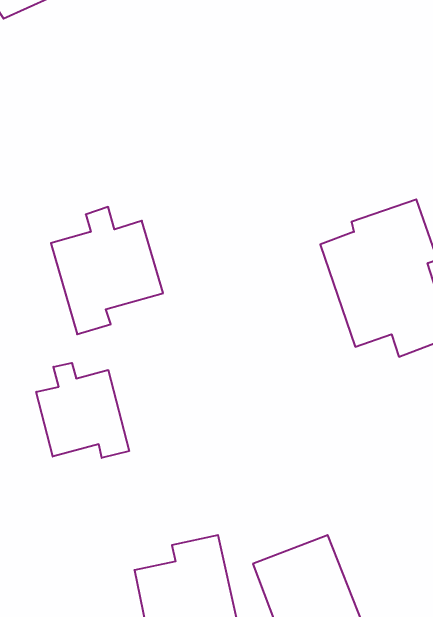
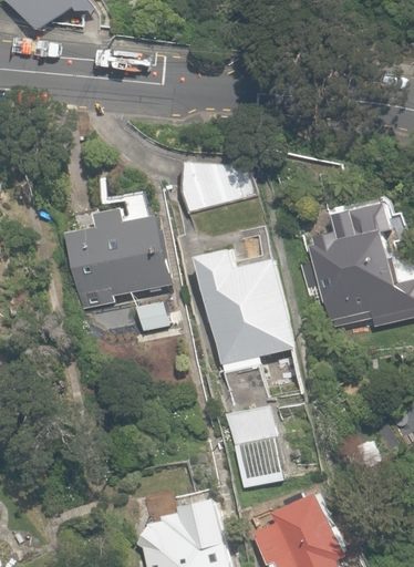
building: none -> [190,241,291,483]
building: [36,363,129,458] -> none

